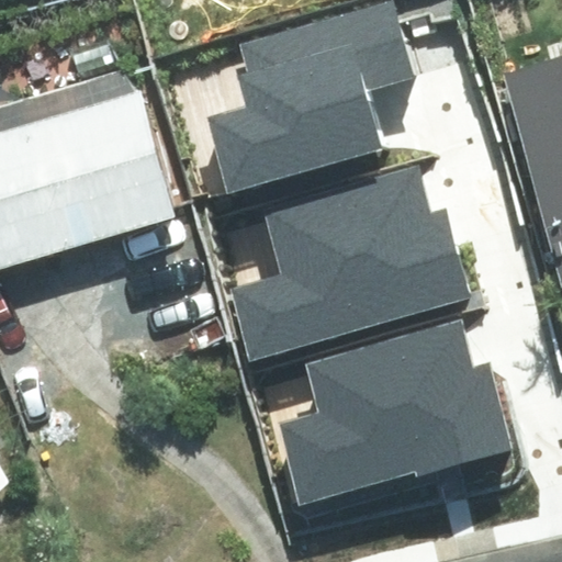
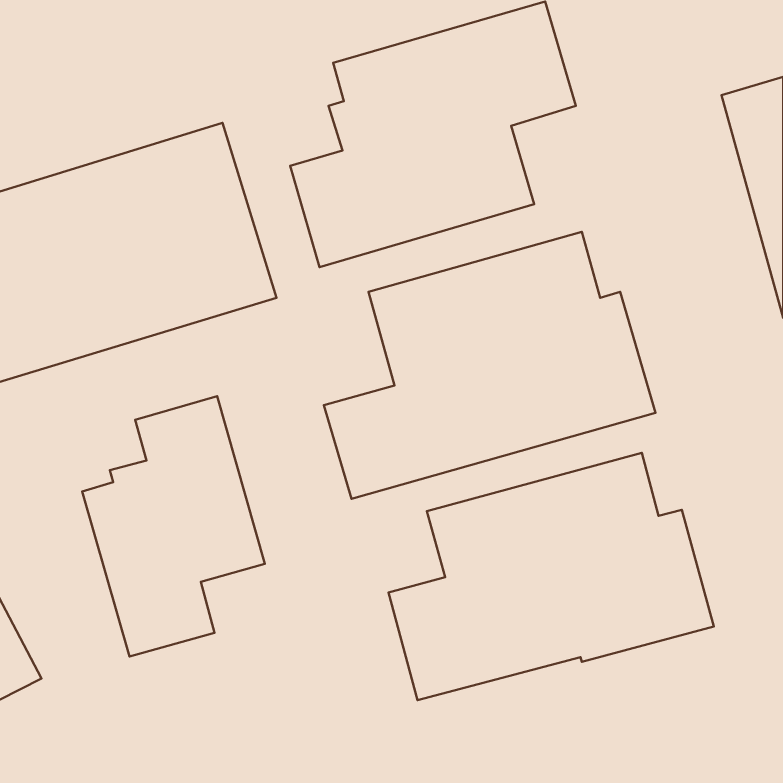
building: none -> [82,396,265,657]

